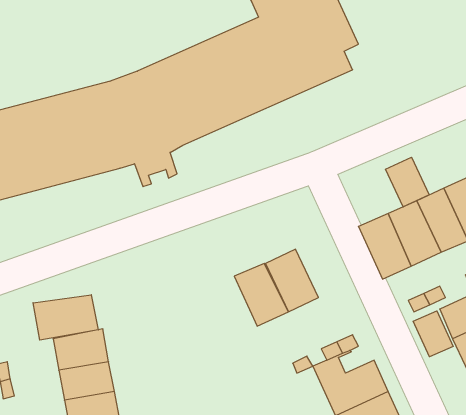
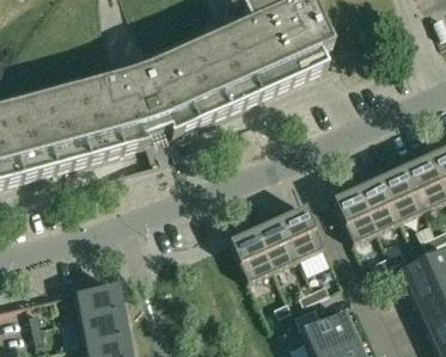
building: [386,157,429,207] -> none
building: none -> [279,204,323,257]
building: [33,295,98,340] -> none
building: [413,311,453,357] -> none

